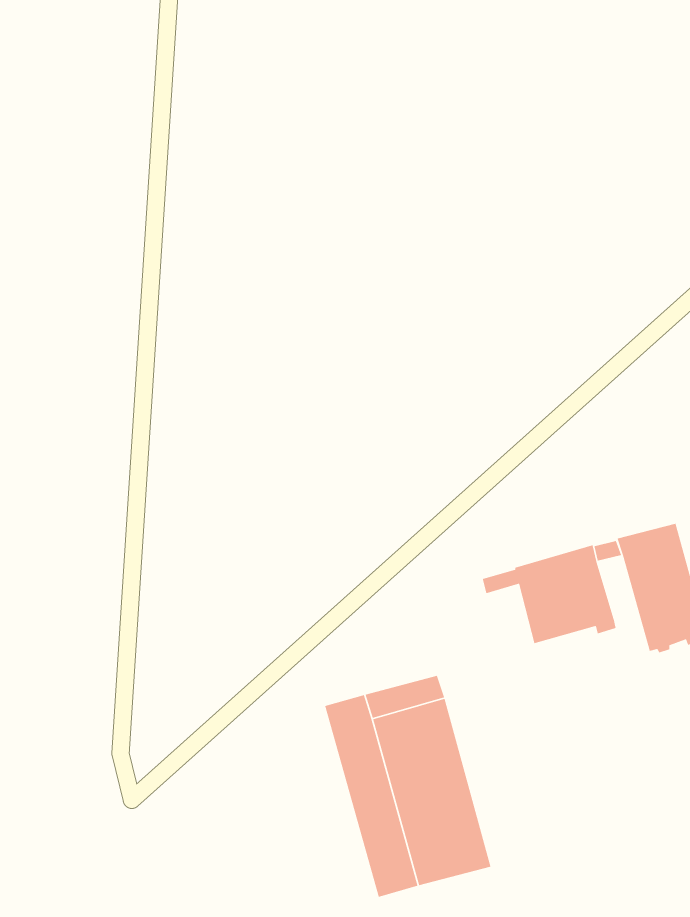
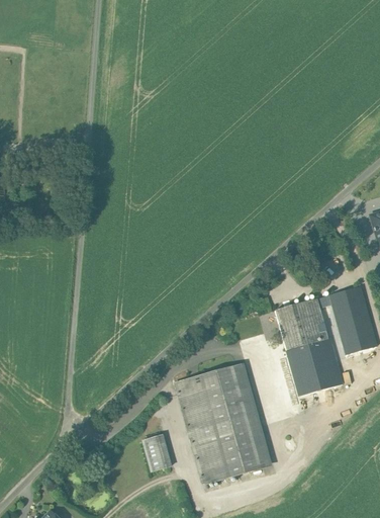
building: none -> [287,336,345,395]
building: none -> [144,434,173,470]

